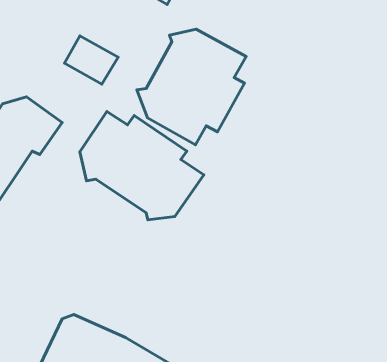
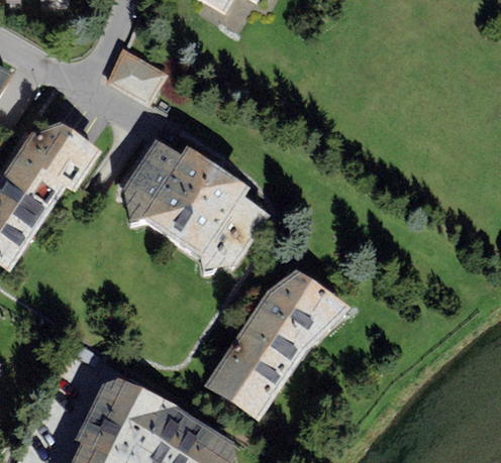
building: [137,29,246,145] -> none
building: none -> [203,267,353,419]

